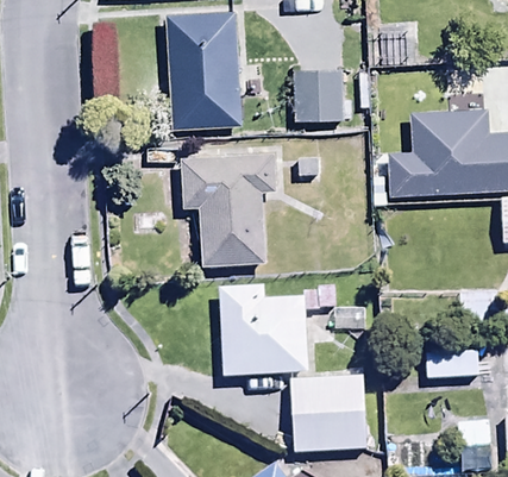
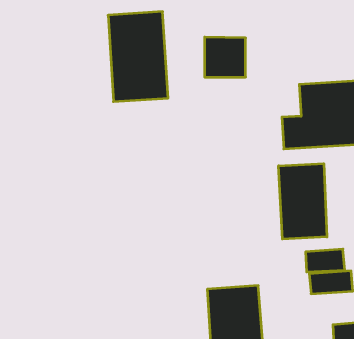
building: [181,150,277,265] -> none
building: none -> [279,164,327,239]
building: [219,282,308,372] -> none

